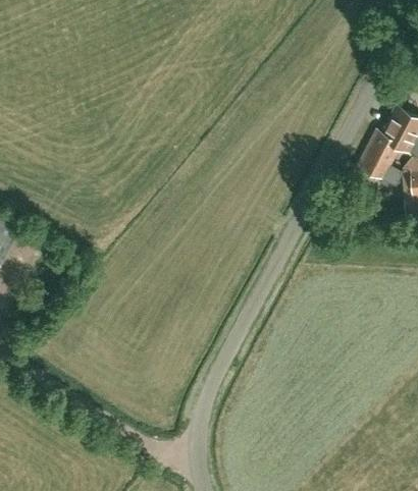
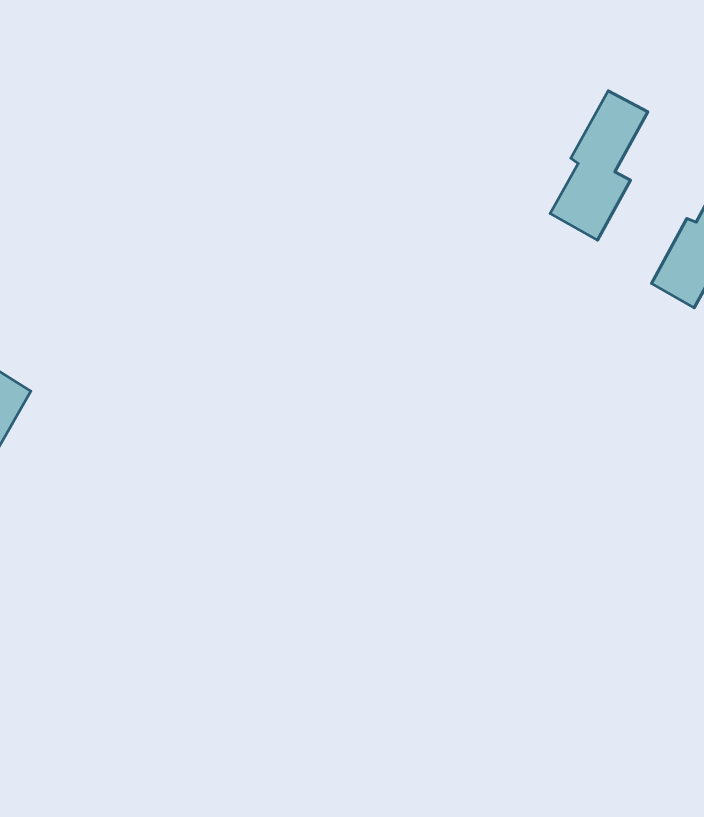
building: none -> [550,91,648,240]

